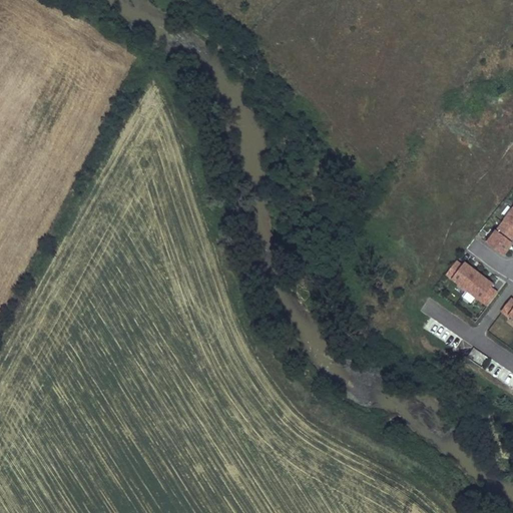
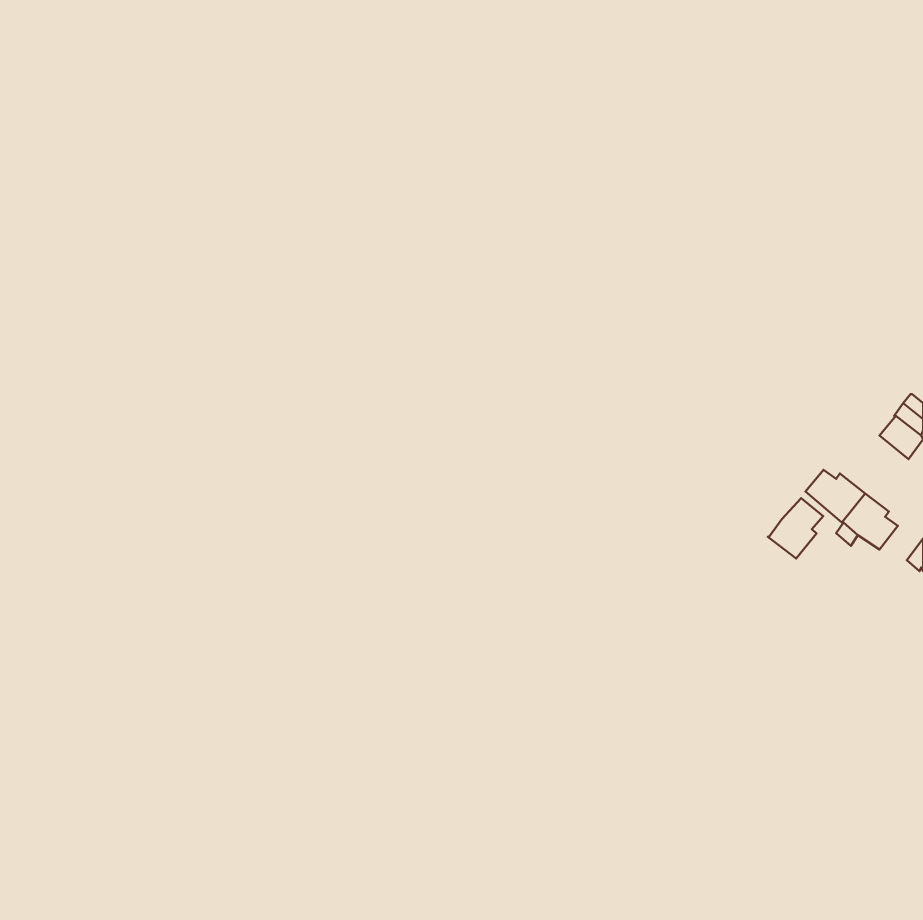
building: none -> [768,498,823,558]

